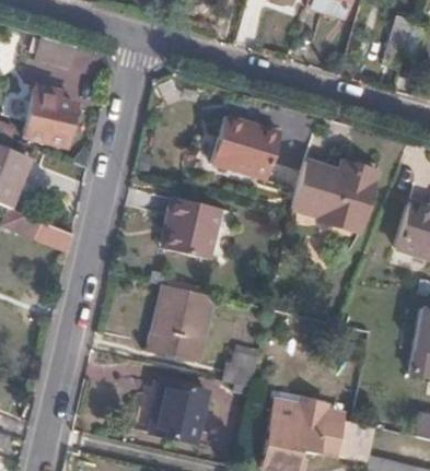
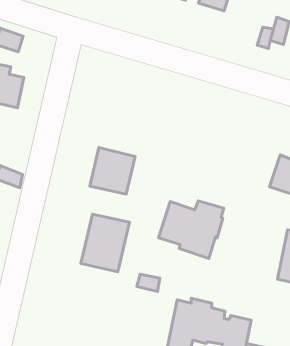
building: [214,114,283,179] -> none
building: [293,161,380,237] -> [159,201,224,258]
building: [151,381,207,445] -> none

